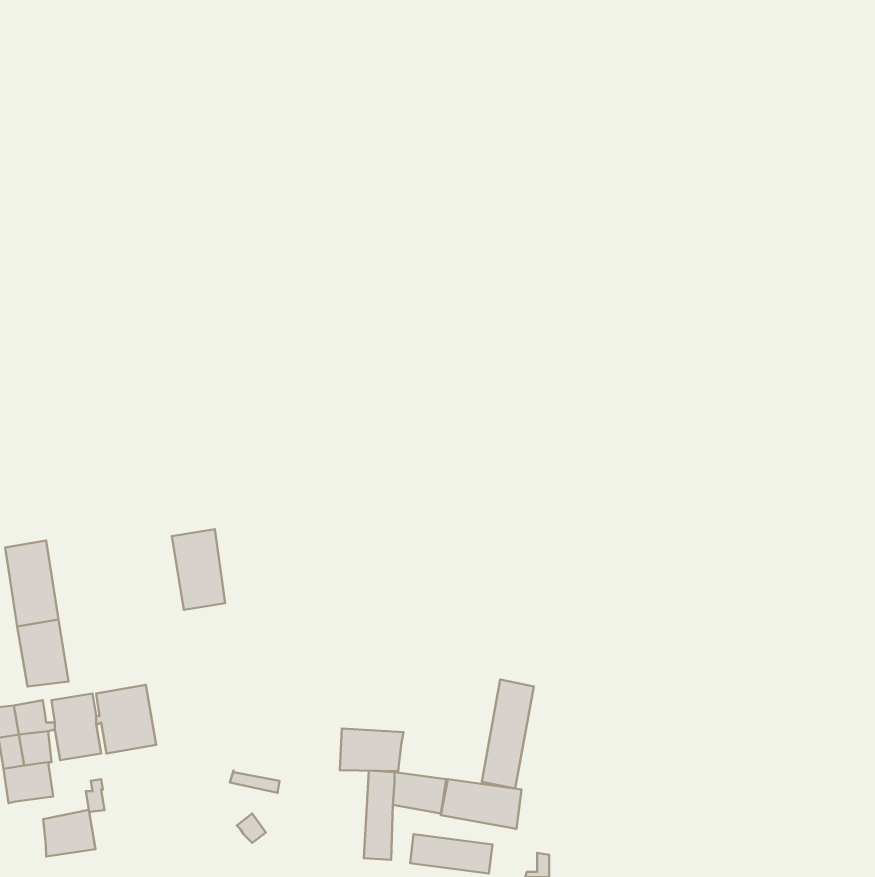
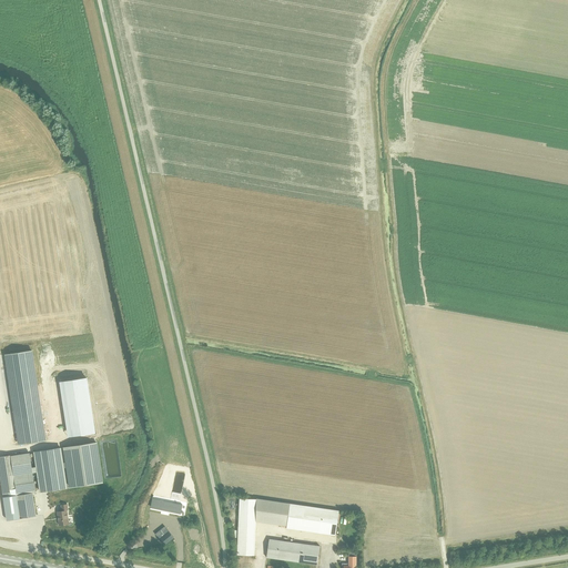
building: [172,529,225,610] -> [58,378,92,430]
building: [482,680,534,789] -> none
building: [340,729,404,771] -> none
building: [43,810,95,857] -> none

